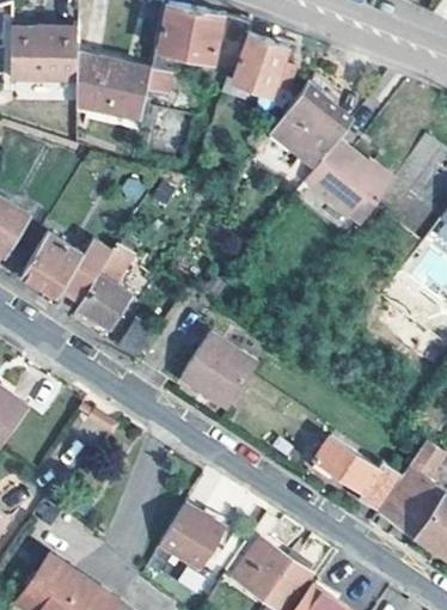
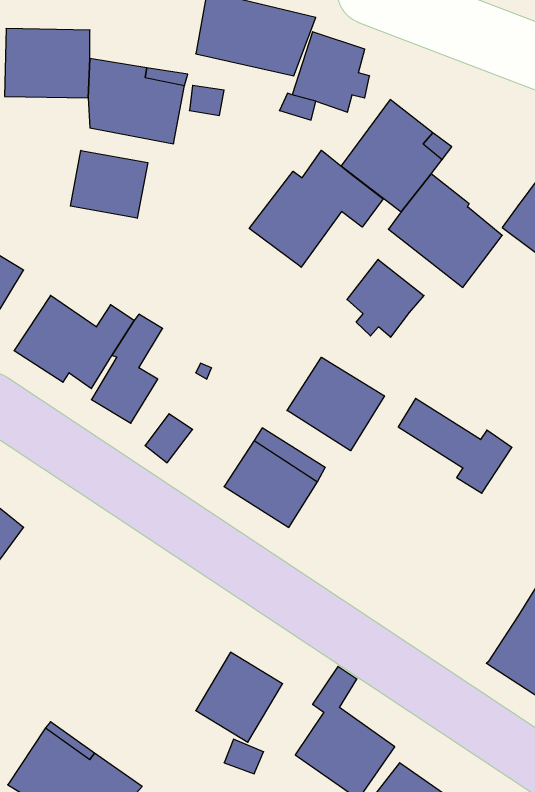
building: none -> [249,150,383,267]
building: none -> [70,150,148,218]
building: none -> [347,259,424,337]
building: none -> [287,357,384,451]
building: [316,438,402,510] -> [398,398,512,493]

